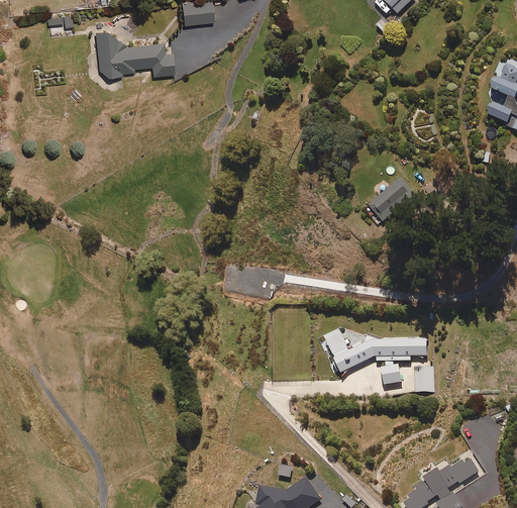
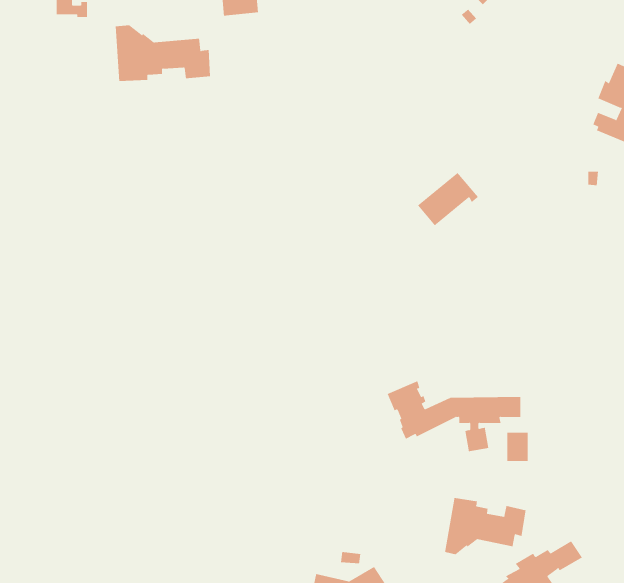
building: [368,176,418,220] -> [417,172,479,226]
building: none -> [444,497,526,555]

